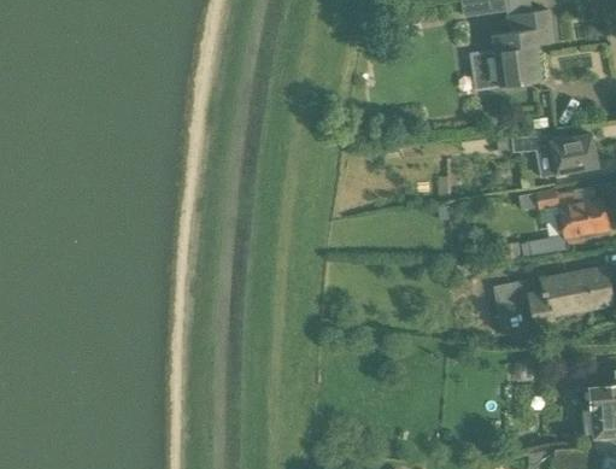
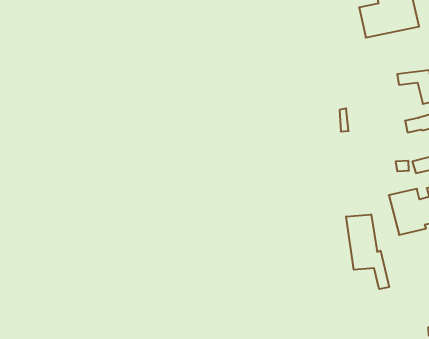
building: none -> [346,214,389,289]

